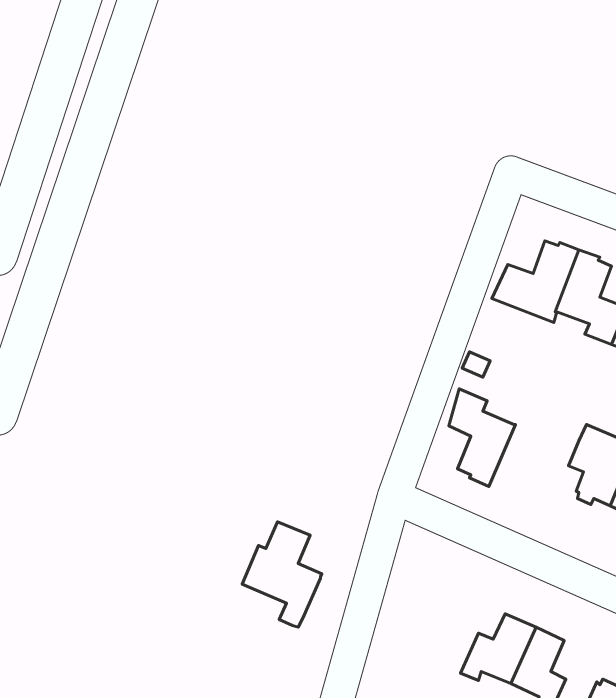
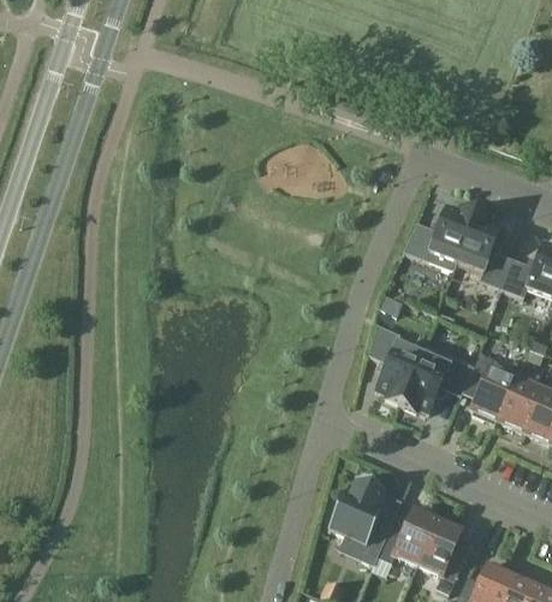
building: none -> [400,344,474,412]
building: [242,522,322,627] -> [328,477,393,562]

